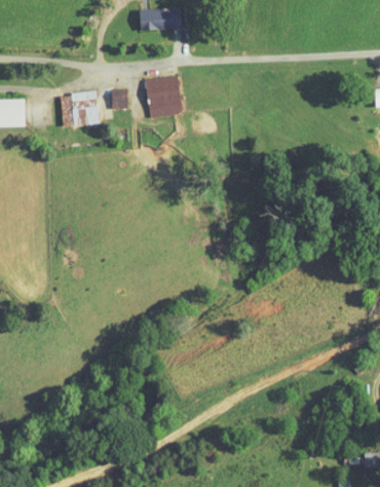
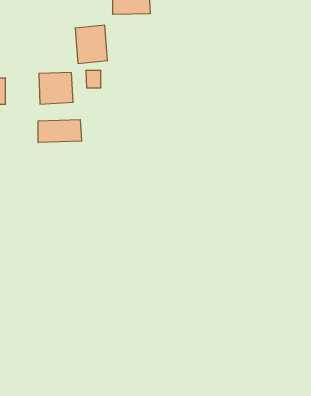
building: [146,76,181,117] -> [75,25,108,63]
building: none -> [38,120,81,143]

